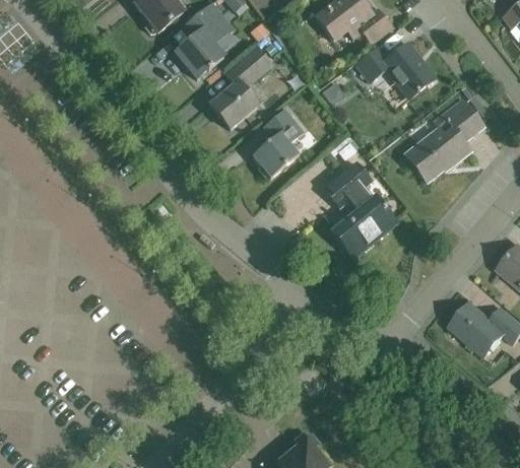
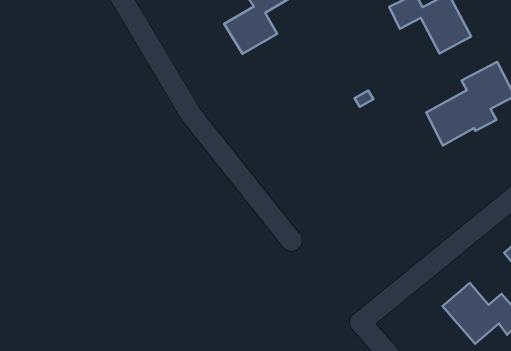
building: [251,107,305,177] -> none
building: [324,161,396,258] -> none

